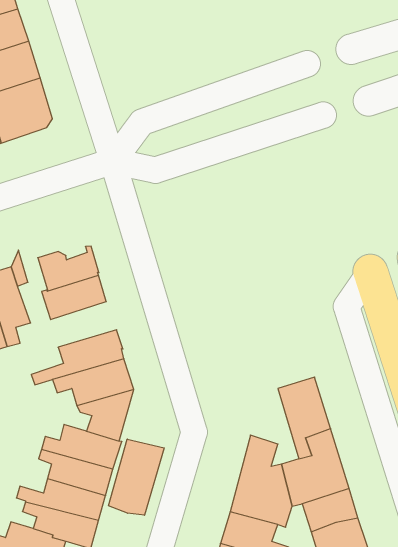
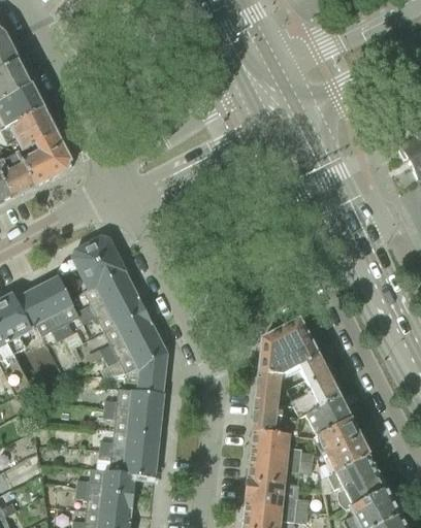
building: none -> [72,234,116,266]
building: none -> [82,290,145,330]
building: none -> [259,332,298,391]
building: [108,439,164,515] -> none

